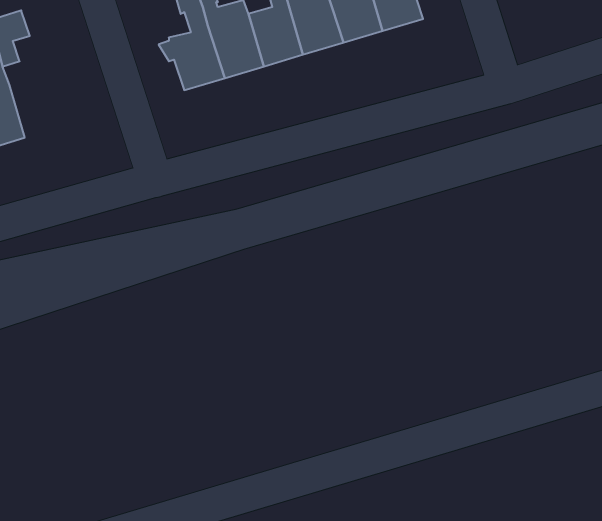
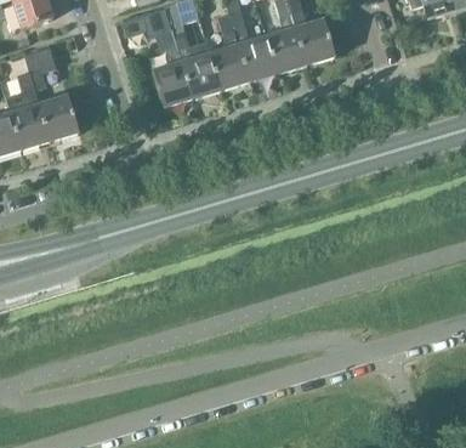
building: none -> [39,93,79,140]

